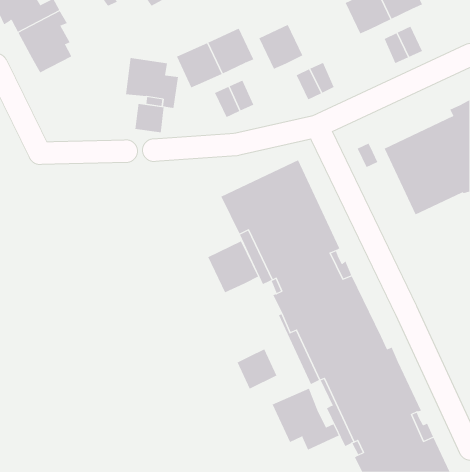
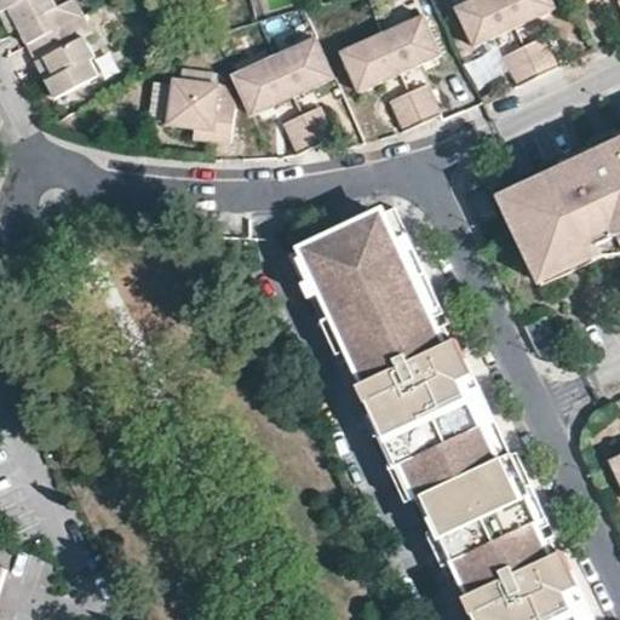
building: none -> [377,11,440,73]
building: [135,103,164,133] -> none
building: [208,241,259,293] -> none
building: [237,348,277,389] -> none
building: [272,388,339,450] -> none

